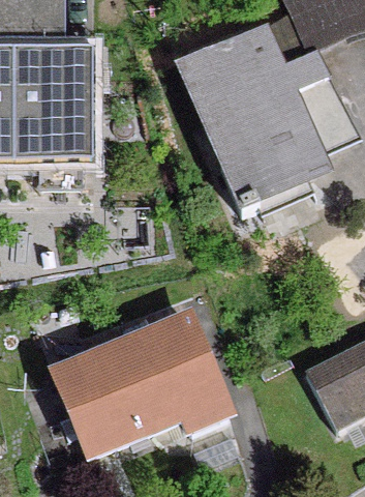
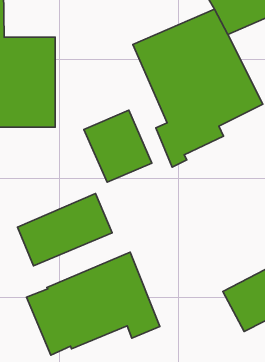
building: none -> [84,110,152,182]
building: none -> [18,193,112,266]

